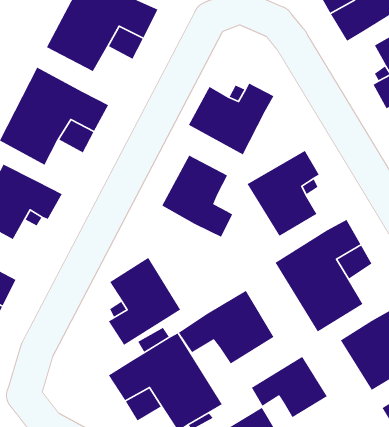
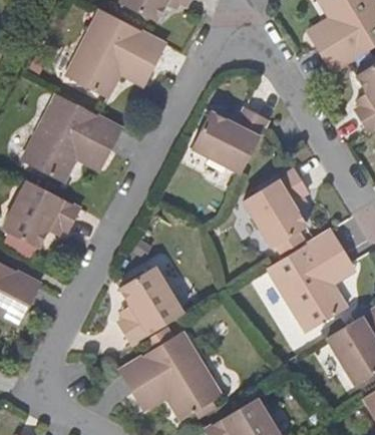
building: [161,155,233,238] -> none
building: [178,290,275,365] -> none
building: [251,356,328,418] -> none

